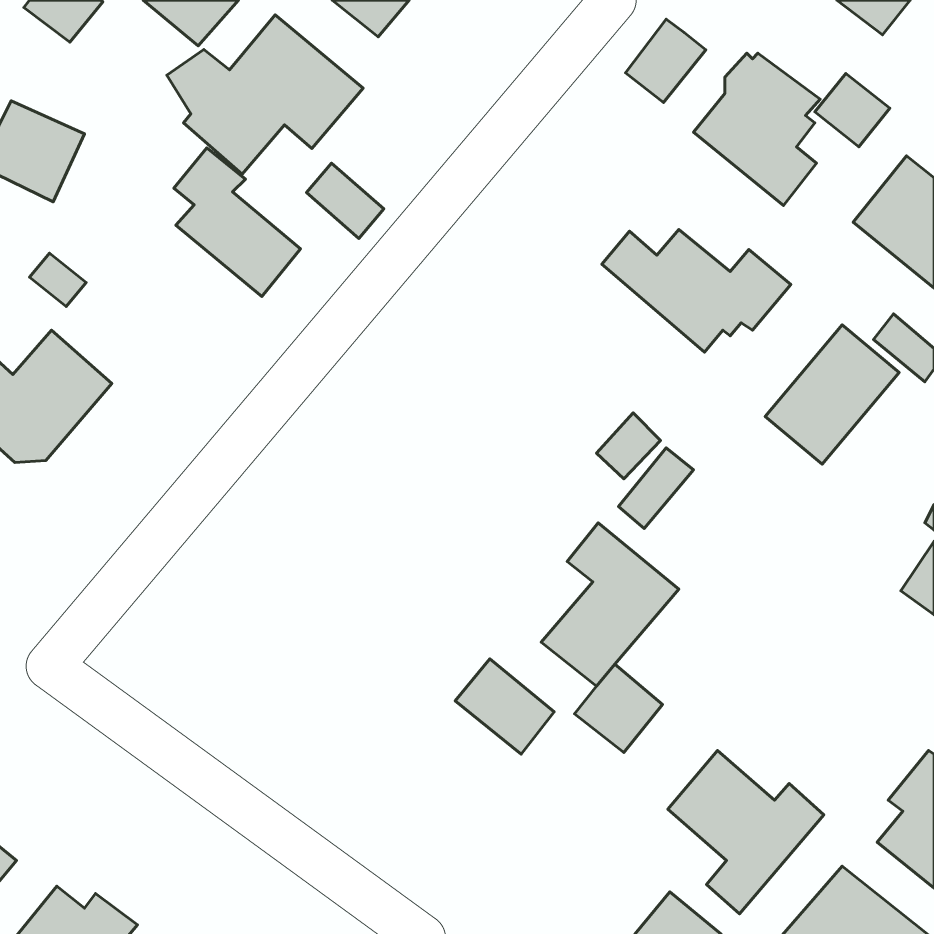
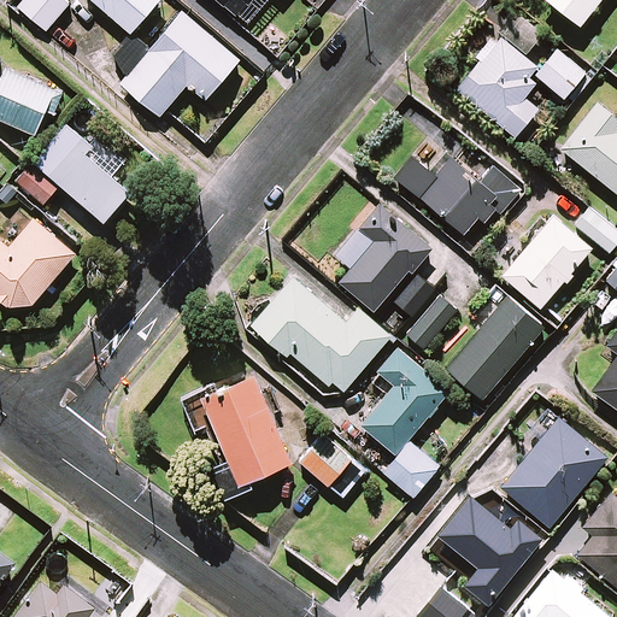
building: [626,19,706,102] -> none
building: [174,148,300,297] -> [47,124,130,222]
building: [307,163,384,239] -> none
building: none -> [339,206,431,311]
building: none -> [249,272,390,395]
building: none -> [446,296,542,398]
building: none -> [201,377,289,484]
building: none -> [500,410,607,528]

